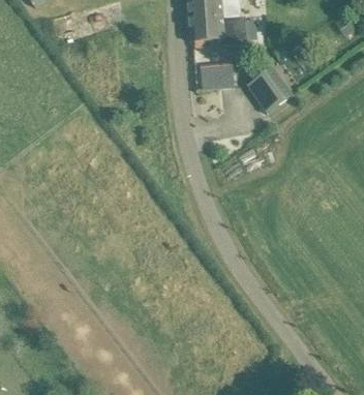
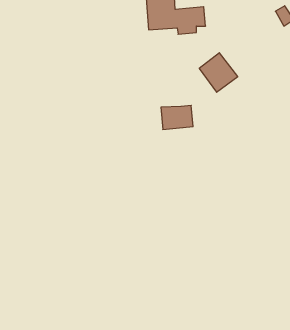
building: [199,62,235,89] -> [161,105,193,129]

